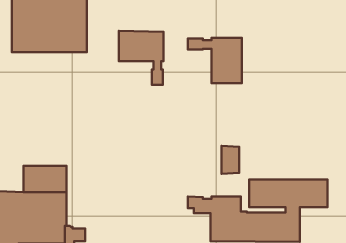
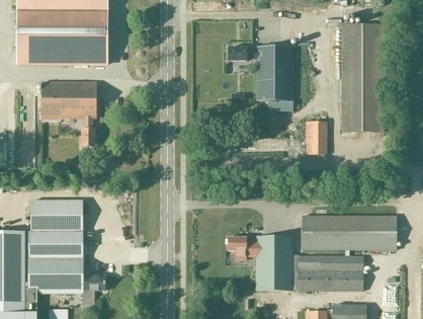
building: none -> [340,23,384,132]
building: [119,31,164,85] -> [41,81,95,146]
building: [221,146,239,174] -> [306,121,327,154]

